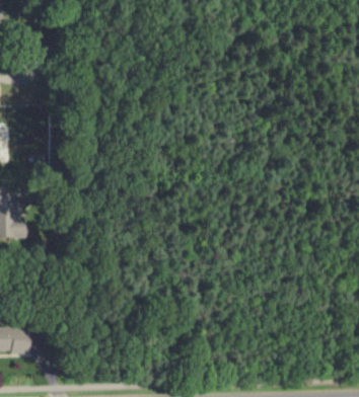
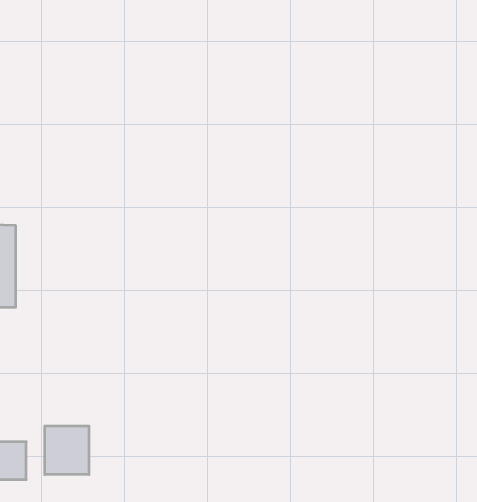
building: none -> [45,426,89,475]

